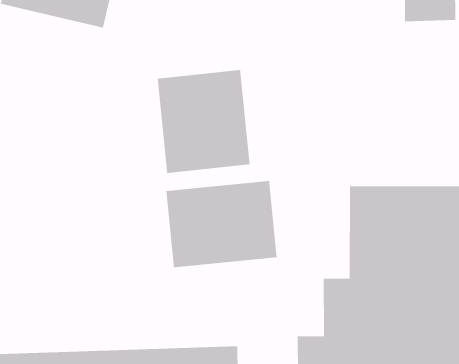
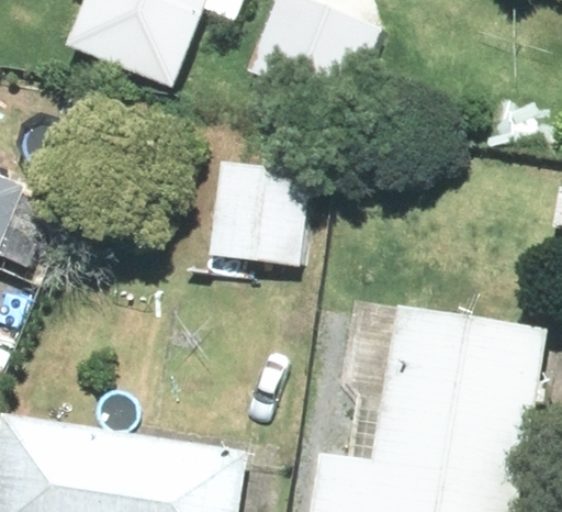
building: [165,180,278,268] -> none

